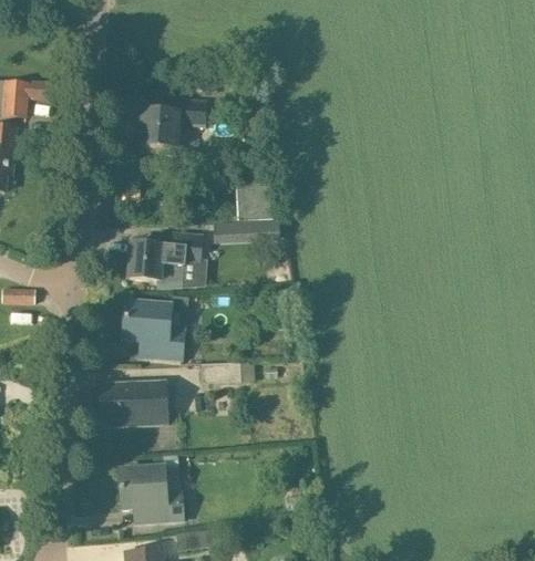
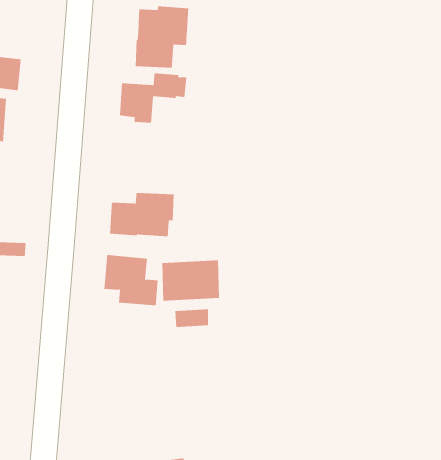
building: none -> [135,6,189,69]
building: [101,381,166,427] -> [162,260,220,301]
building: [119,454,183,523] -> none

